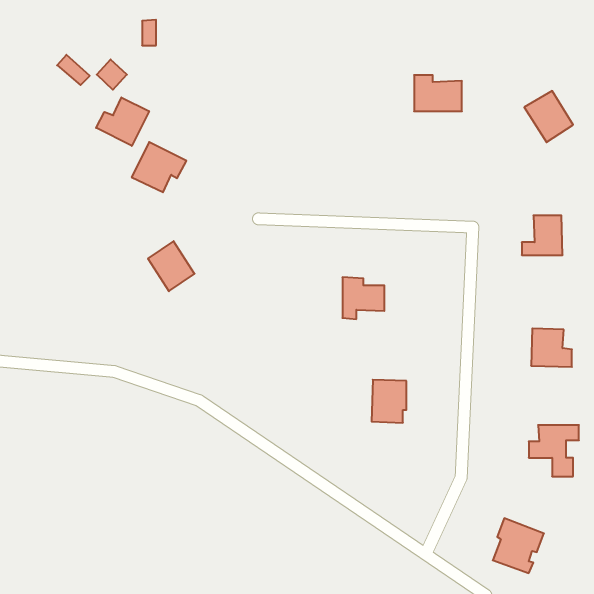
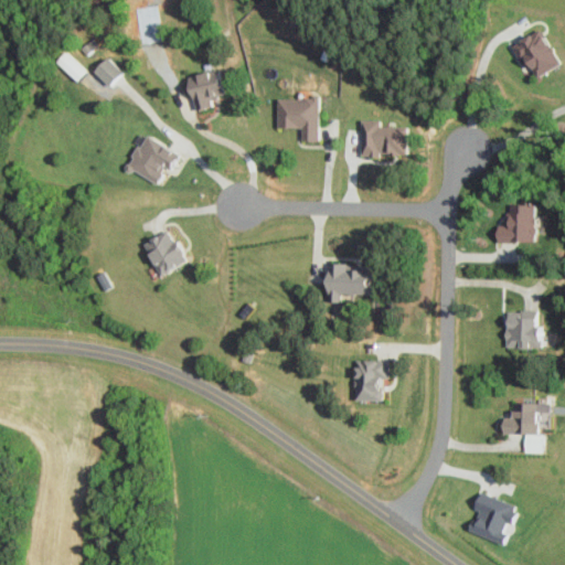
building: none -> [188,70,225,110]
building: [414,75,462,111] -> [361,121,406,156]
building: [524,91,573,142] -> [513,31,559,79]
building: [96,97,149,146] -> none
building: none -> [276,98,318,142]

